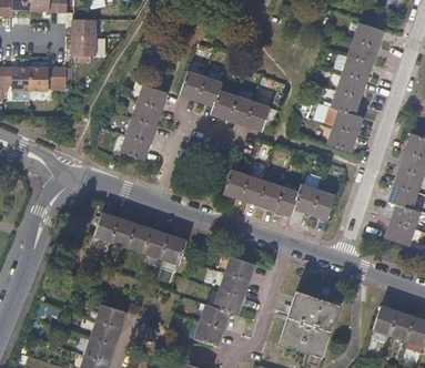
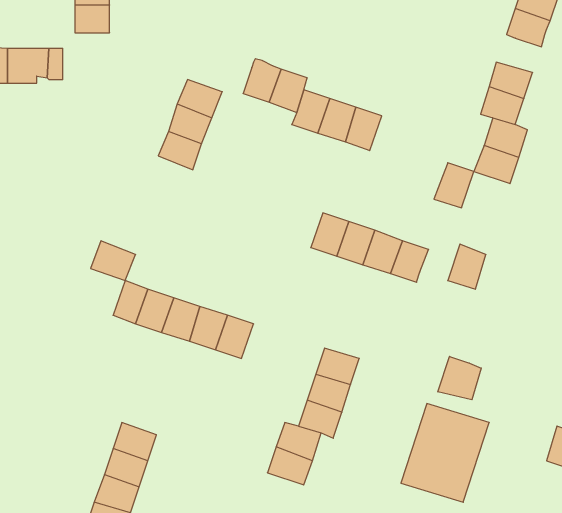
building: [342,57,371,81] -> none
building: [119,134,148,160] -> [91,241,136,281]
building: [293,185,318,214] -> [434,163,474,208]
building: none -> [438,356,481,400]

